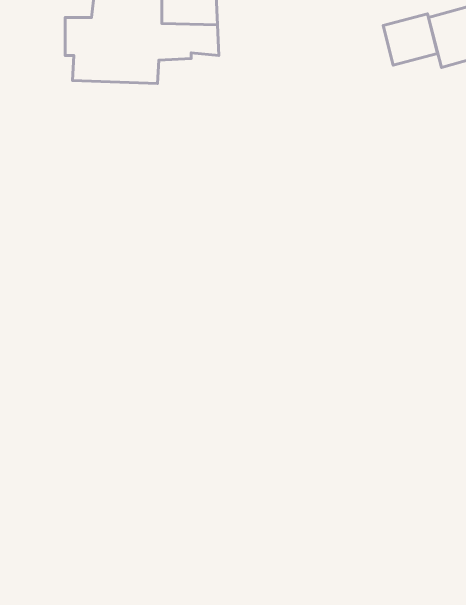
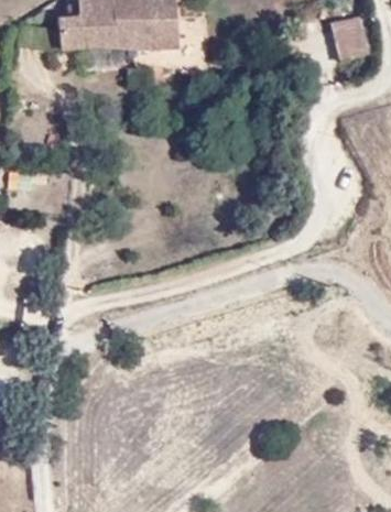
building: [383,14,438,65] -> none

